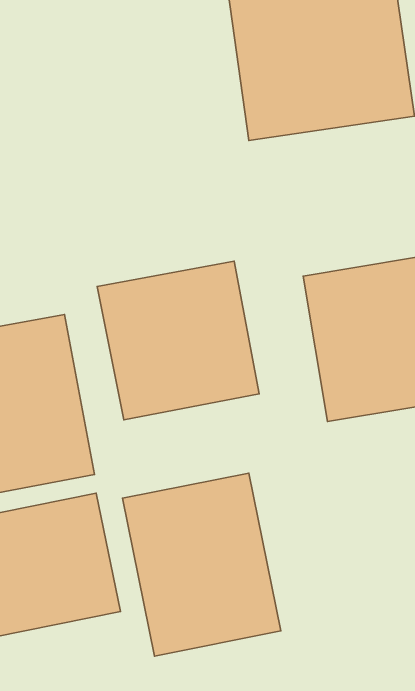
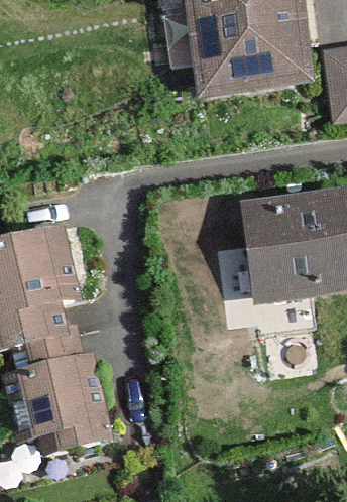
building: [97,261,259,420] -> none
building: [122,473,281,656] -> none

